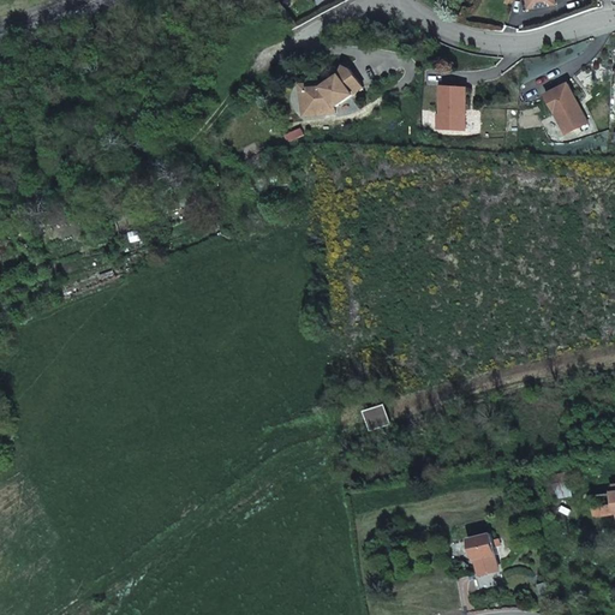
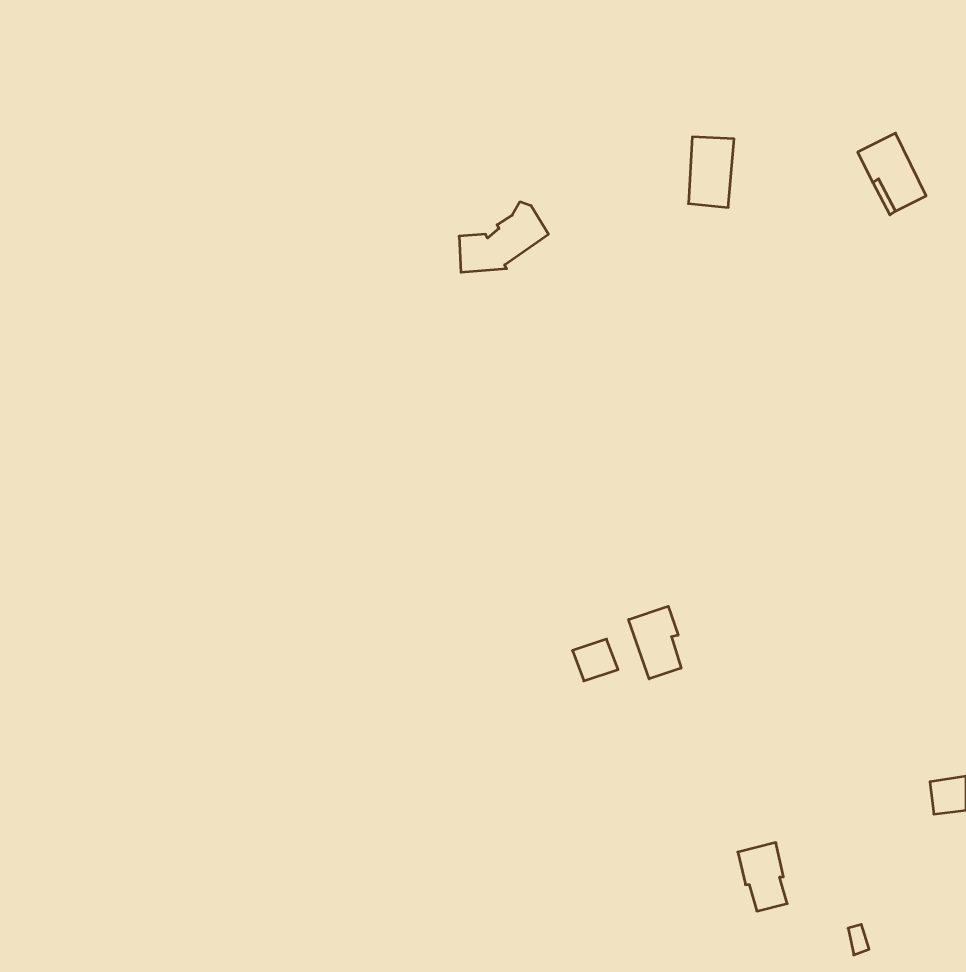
building: [303,67,359,112] -> [459,202,548,272]
building: none -> [629,606,681,679]

